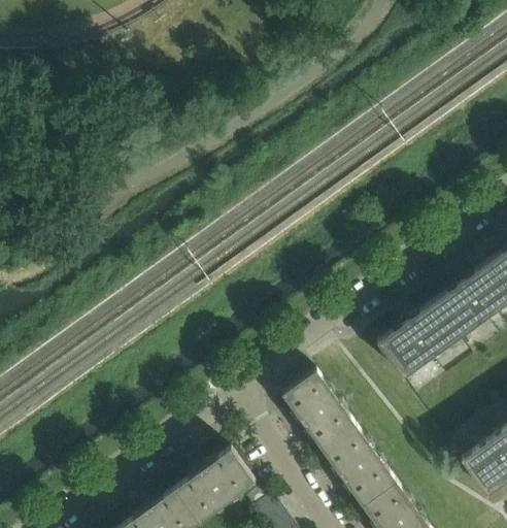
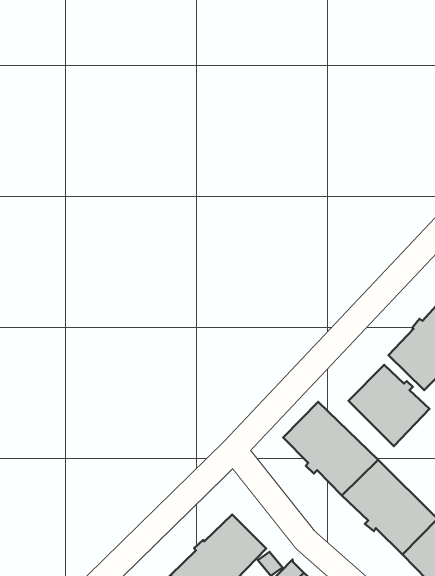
building: none -> [349,365,430,446]

